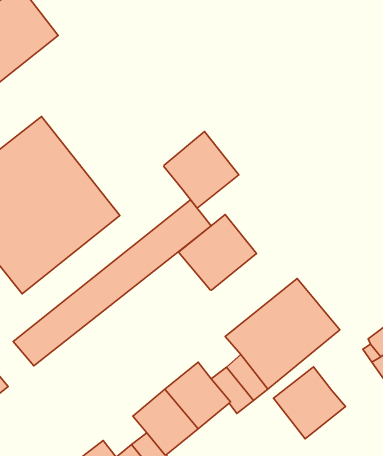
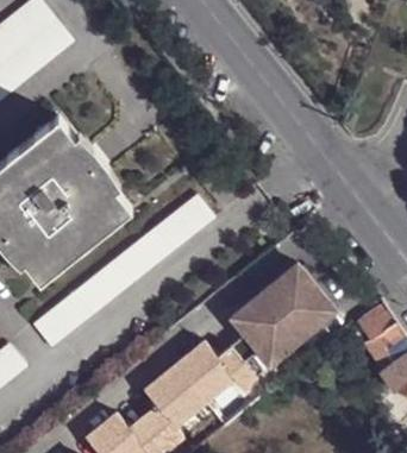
building: [164,132,239,208] -> none
building: [178,214,257,290] -> none
building: [274,367,345,439] -> none

